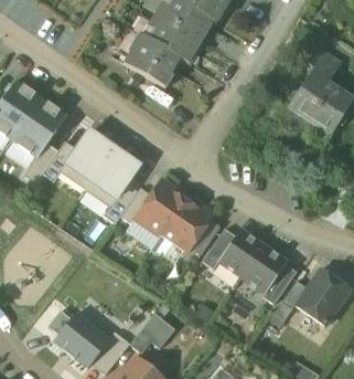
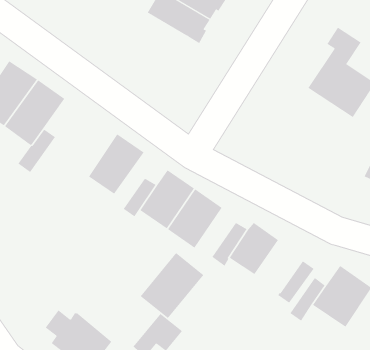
building: [124,34,180,88] -> none
building: [63,130,115,187] -> none
building: [242,245,288,294] -> none
building: none -> [140,252,204,319]

